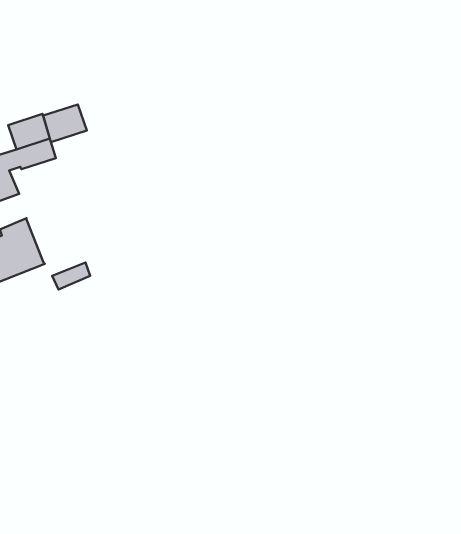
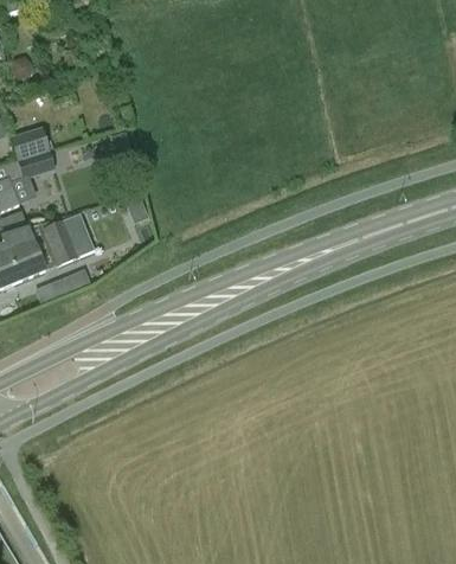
building: [43,105,87,142] -> none
building: none -> [41,218,81,264]

